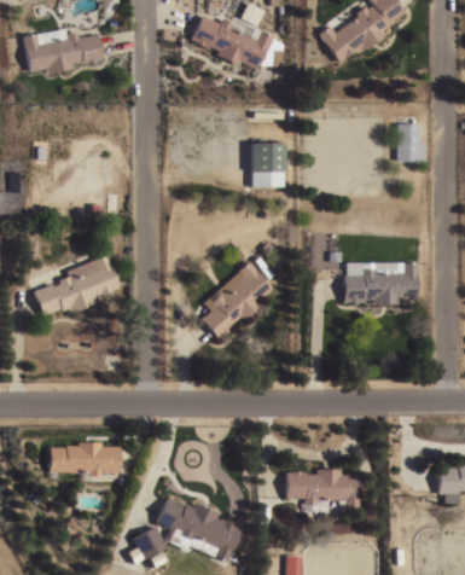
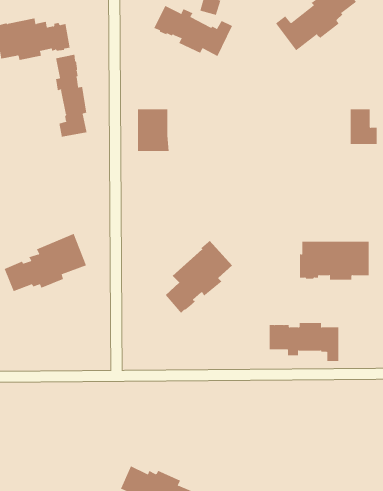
building: none -> [56,54,87,138]
building: [252,144,286,188] -> [137,109,169,152]
building: [50,442,121,477] -> none
building: [286,470,360,511] -> [269,322,339,362]

